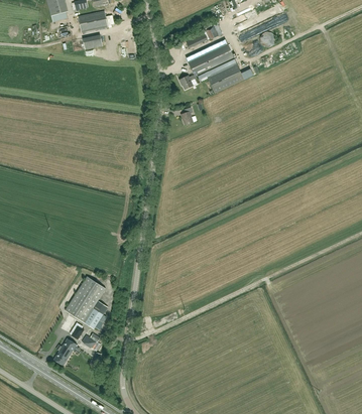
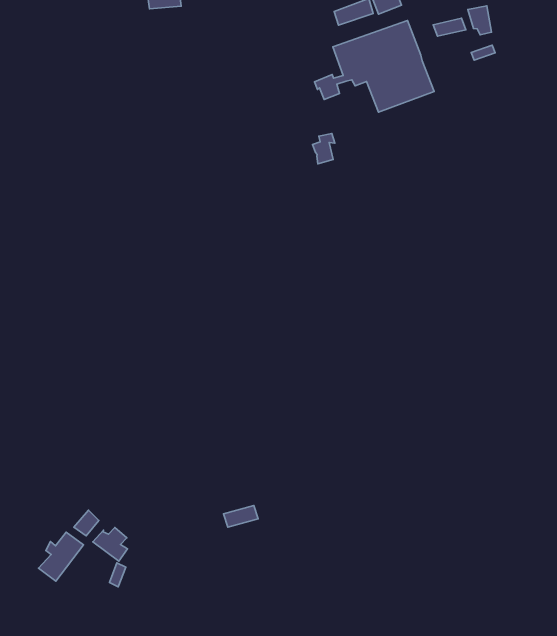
building: [65,275,106,328] -> none

